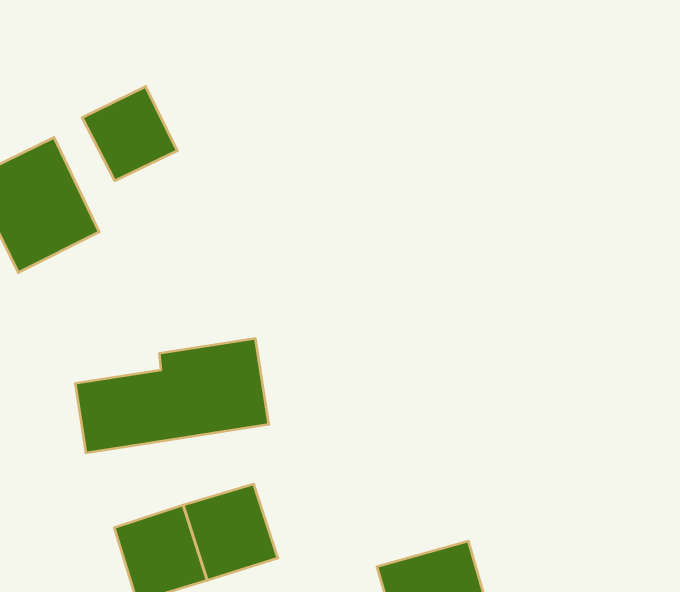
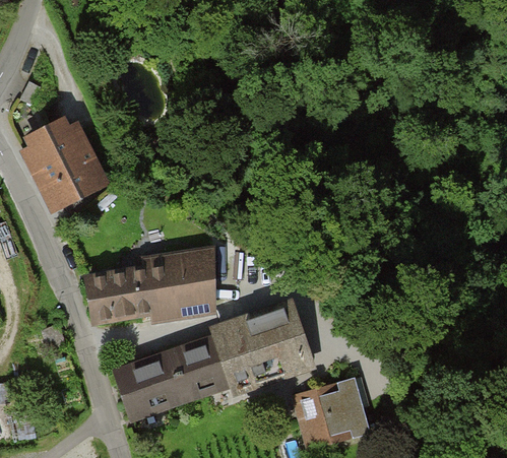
building: [82,86,177,181] -> none
building: none -> [209,291,313,390]

